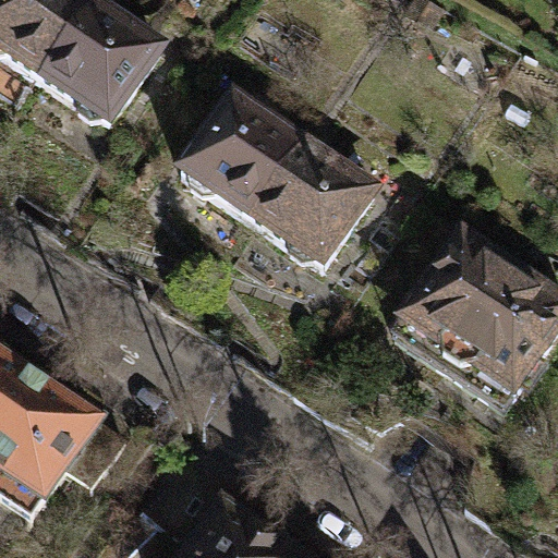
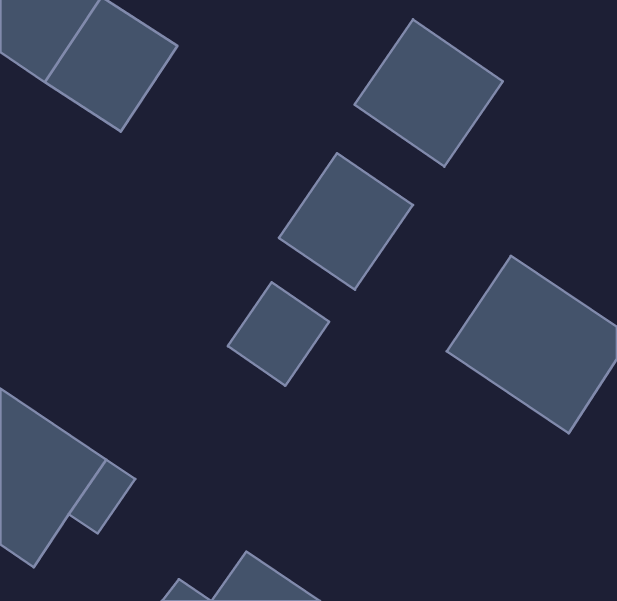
building: none -> [355,19,503,167]
building: [179,89,304,215] -> none
building: none -> [228,282,329,386]

